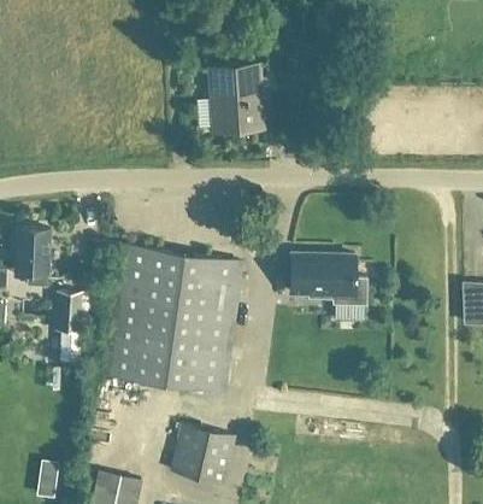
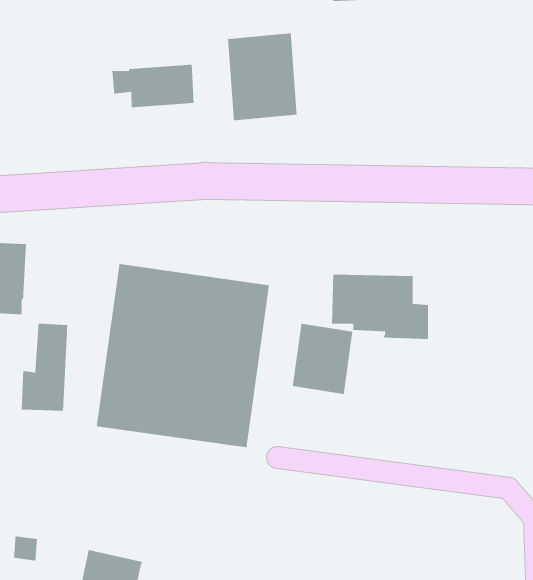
building: none -> [111,64,194,108]
building: none -> [292,323,353,395]
building: [171,426,235,485] -> none

